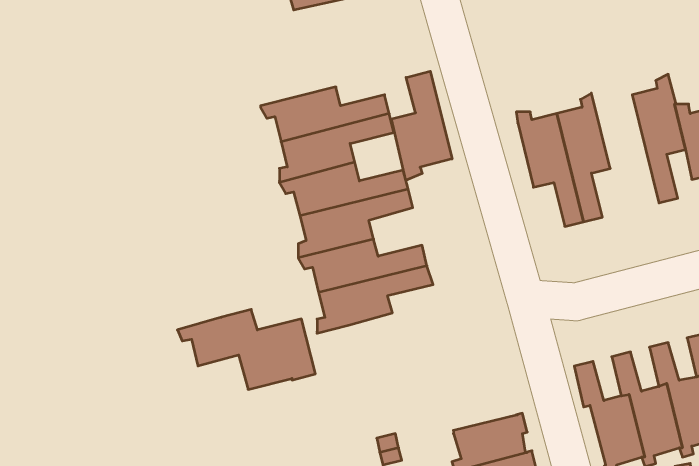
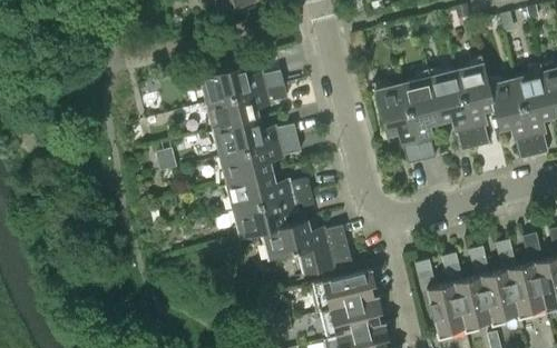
building: [392,71,452,180] -> none
building: none -> [428,69,476,150]
building: [177,309,315,389] -> [255,219,353,276]
building: none -> [322,269,375,311]

